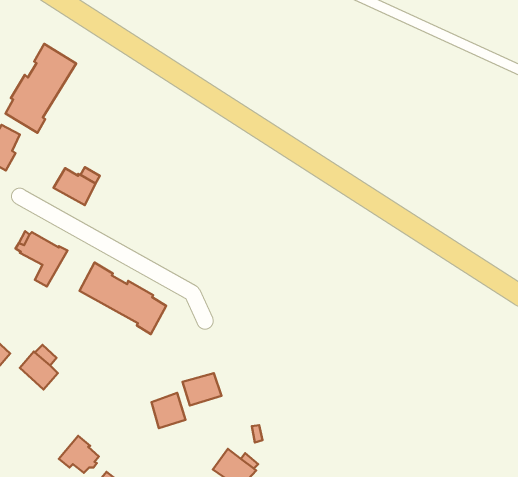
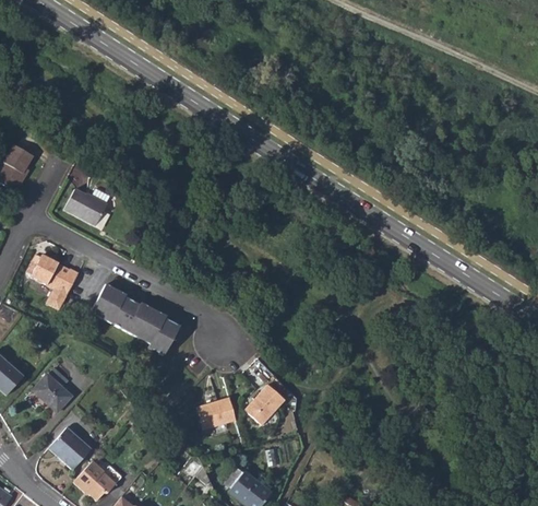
building: [6,44,76,133] -> none
building: none -> [244,387,284,427]
building: [151,393,185,428] -> none
building: none -> [48,427,91,469]

